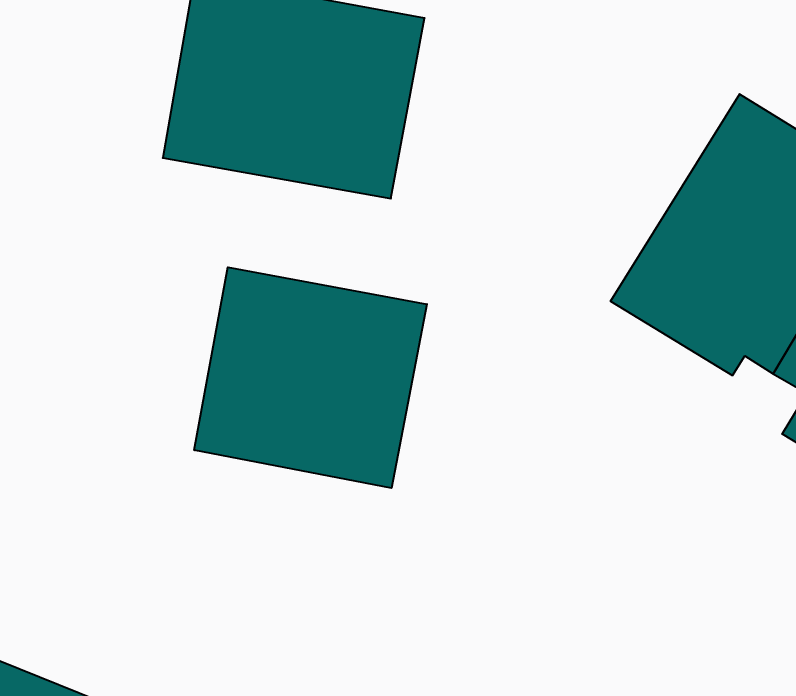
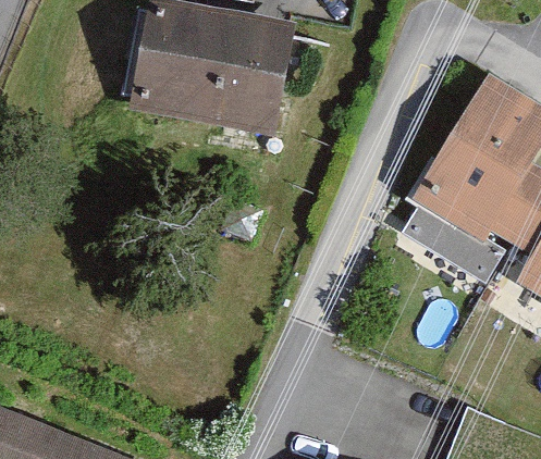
building: [194,267,427,488] -> none

